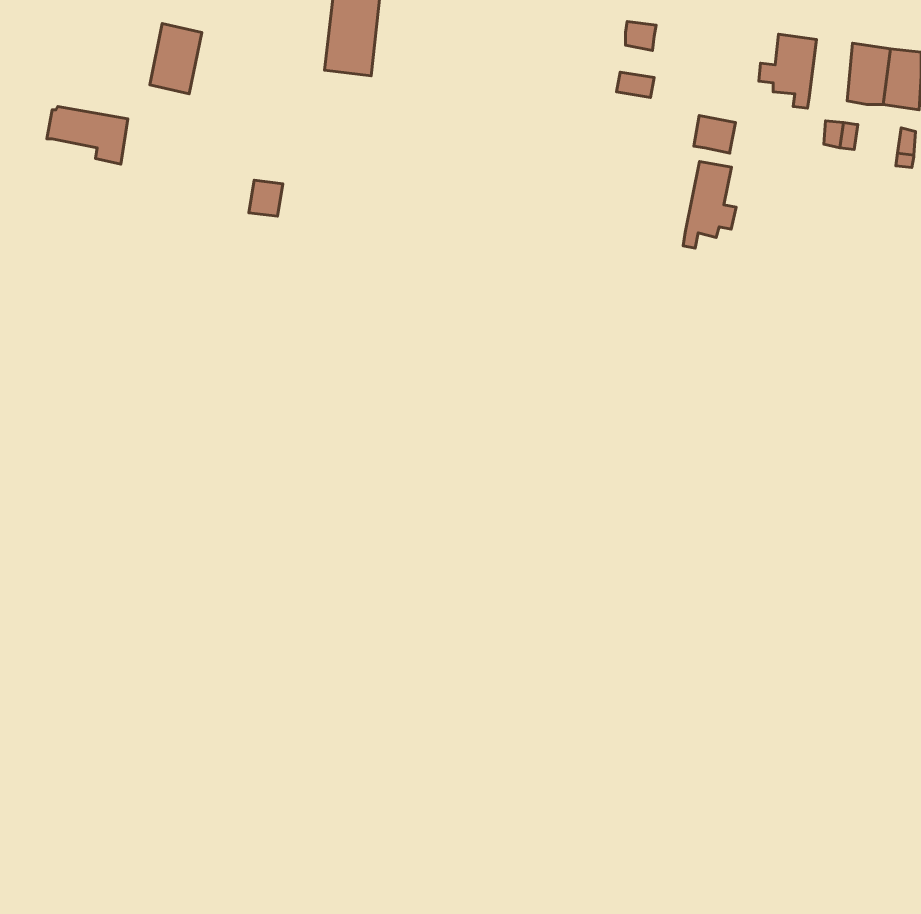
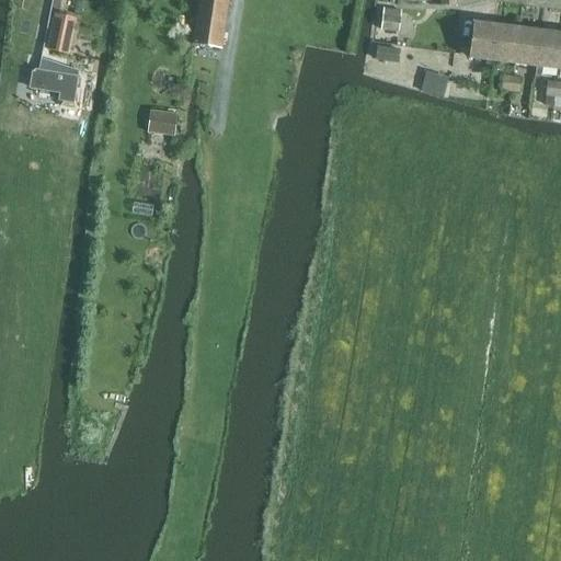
building: [150,23,202,94] -> [46,10,78,53]
building: none -> [492,24,518,61]
building: [683,162,736,248] -> none

